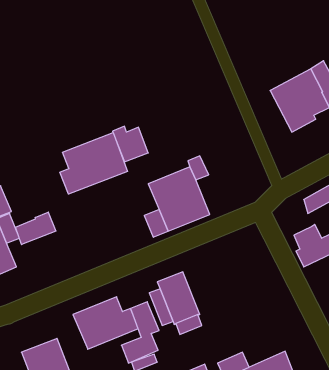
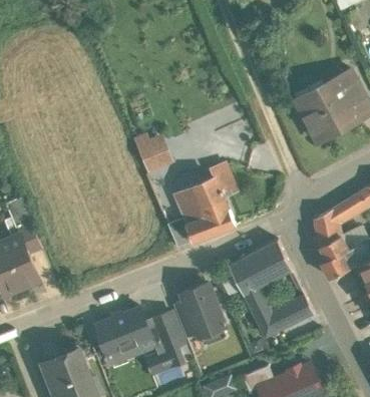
building: [60,133,127,194] -> none
building: none -> [316,211,338,247]
building: [16,212,56,245] -> none
building: none -> [229,241,314,338]

